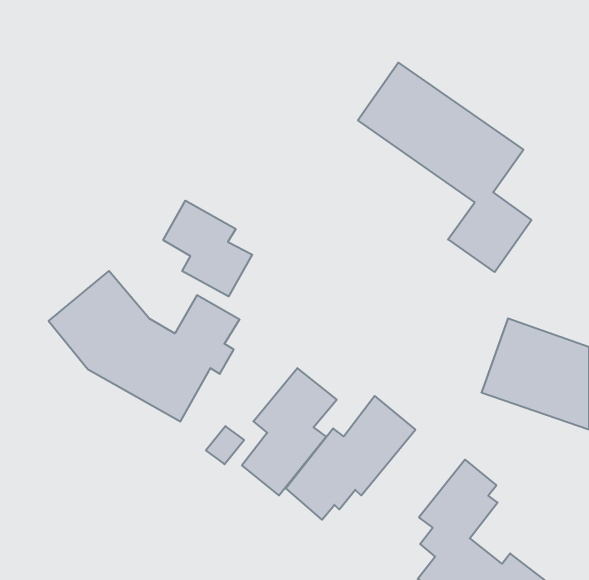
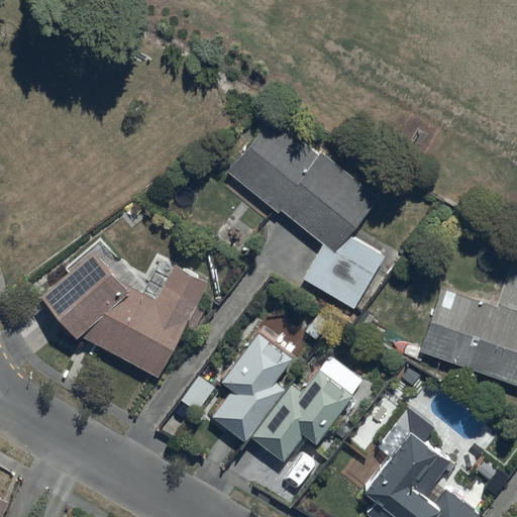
building: [358,63,531,272] -> [233,122,385,305]
building: [163,201,252,296] -> none

